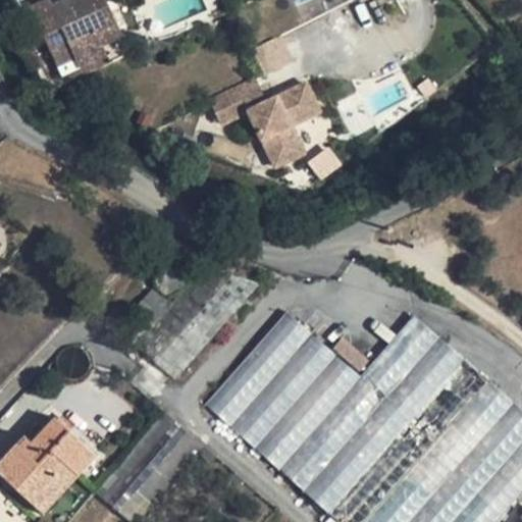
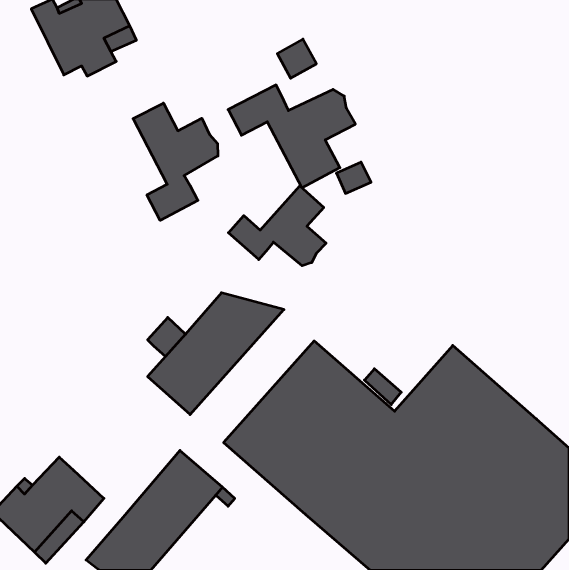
building: none -> [133,103,218,220]
building: none -> [228,186,326,266]

